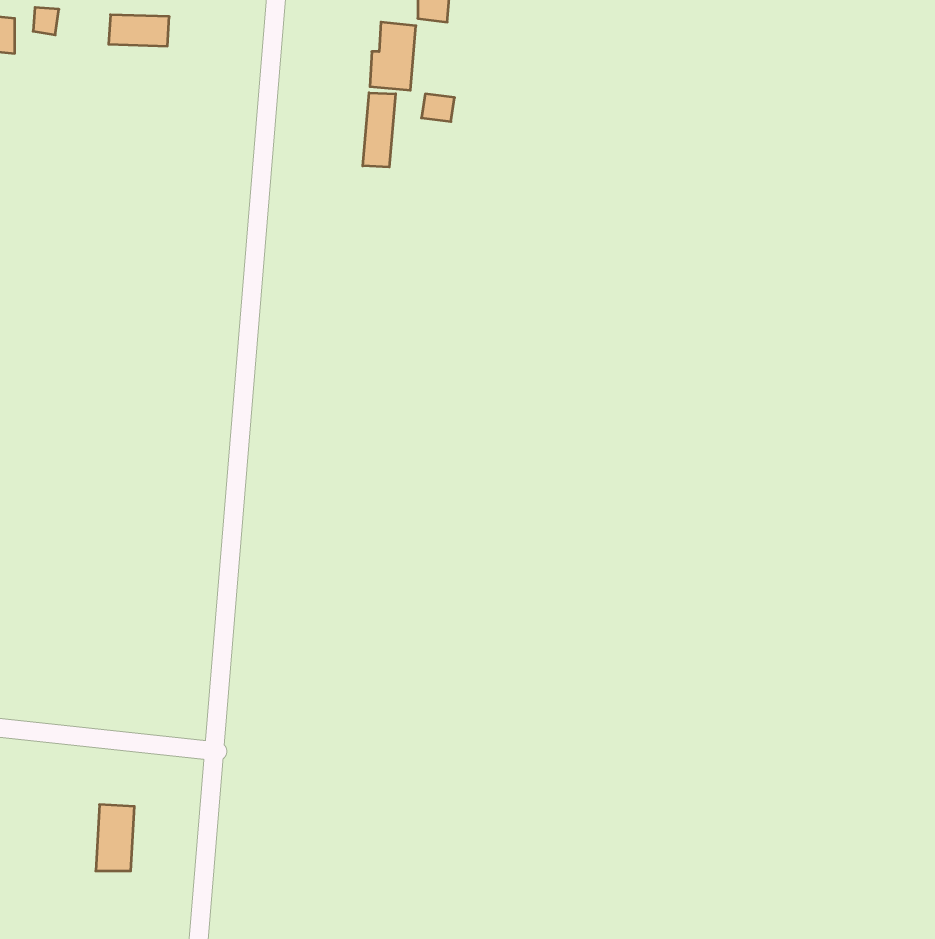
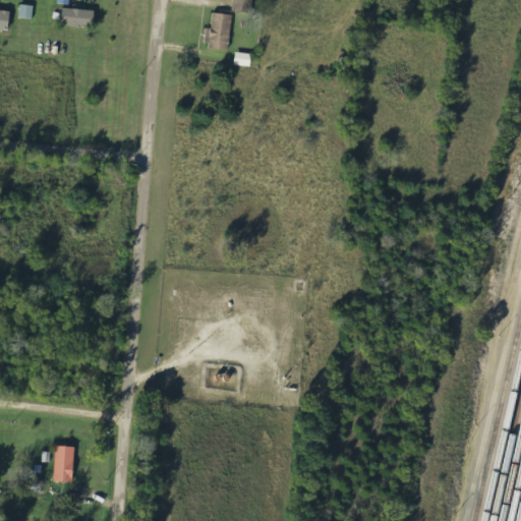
building: [363,93,396,167] -> none

